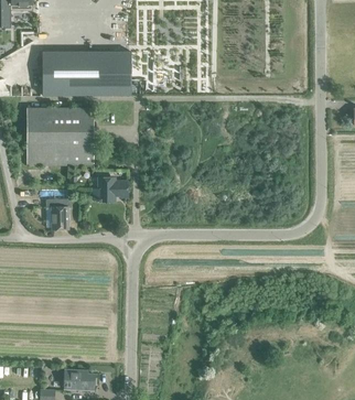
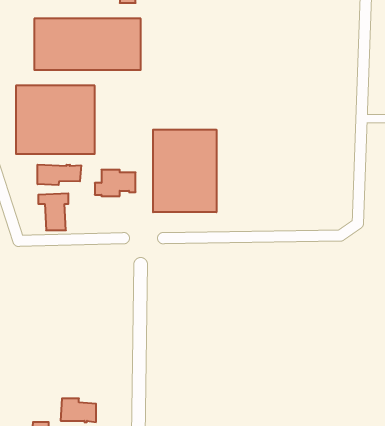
building: none -> [153,130,216,212]
building: none -> [38,165,81,185]

